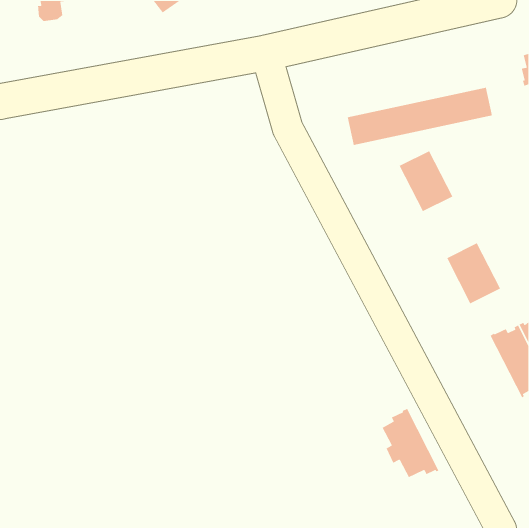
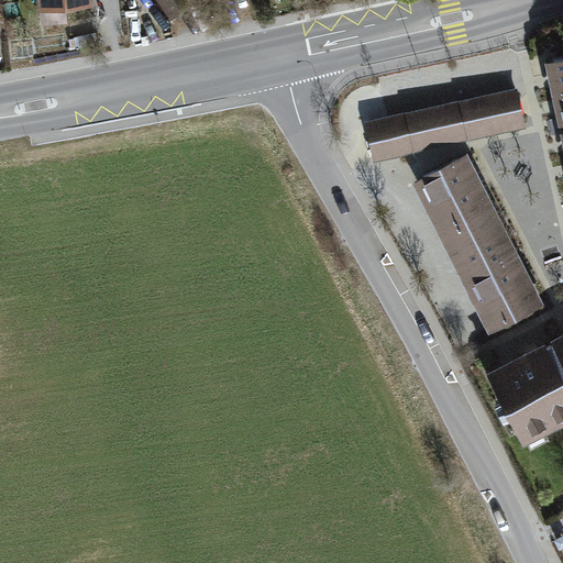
building: none -> [449,210,507,275]
building: [381,408,439,478] -> [493,357,554,432]

